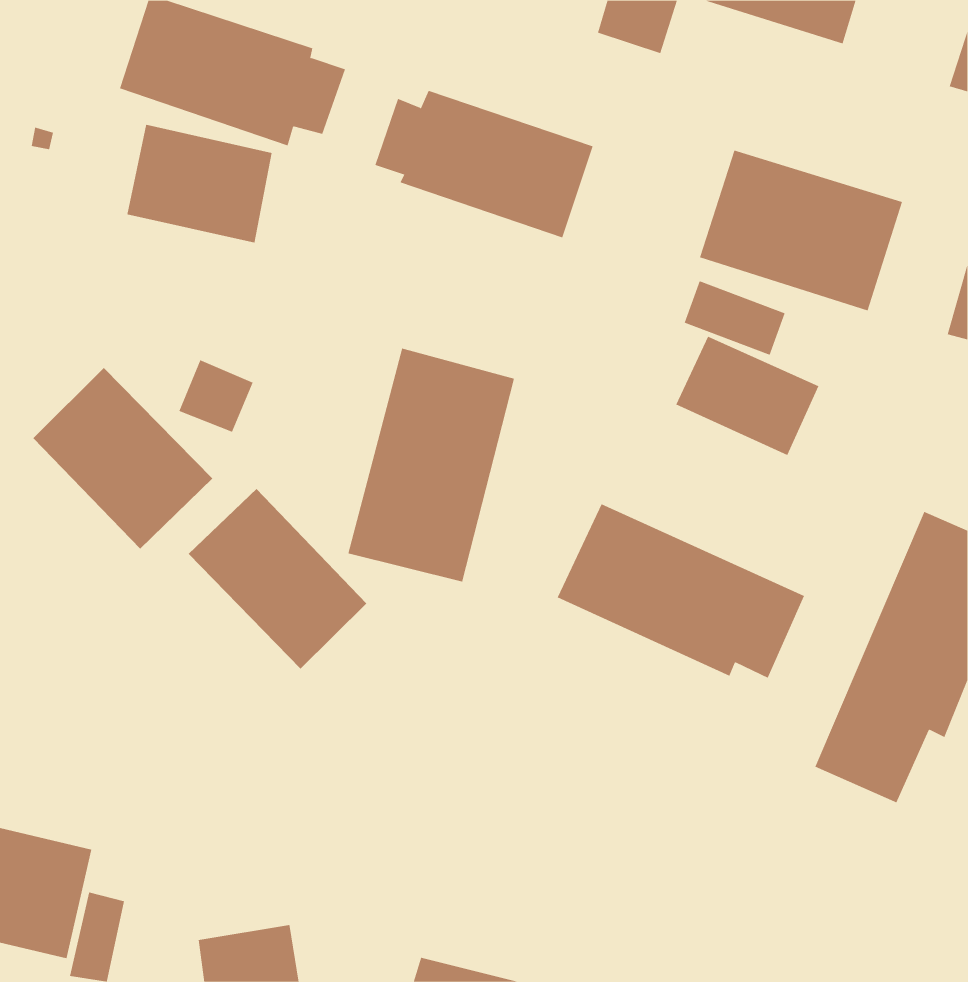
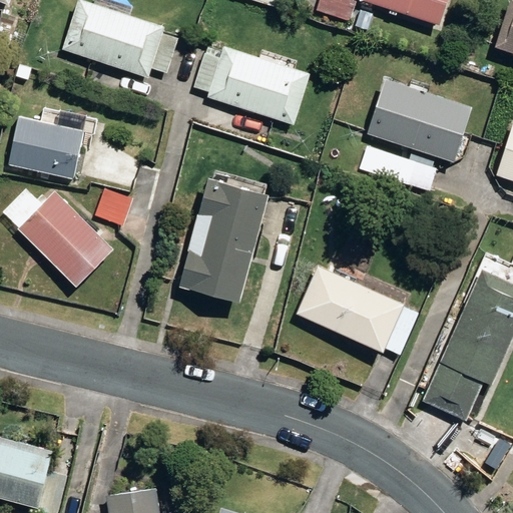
building: [126,124,272,243] -> [8,116,84,178]
building: [676,336,819,456] -> none
building: [188,488,367,670] -> none

